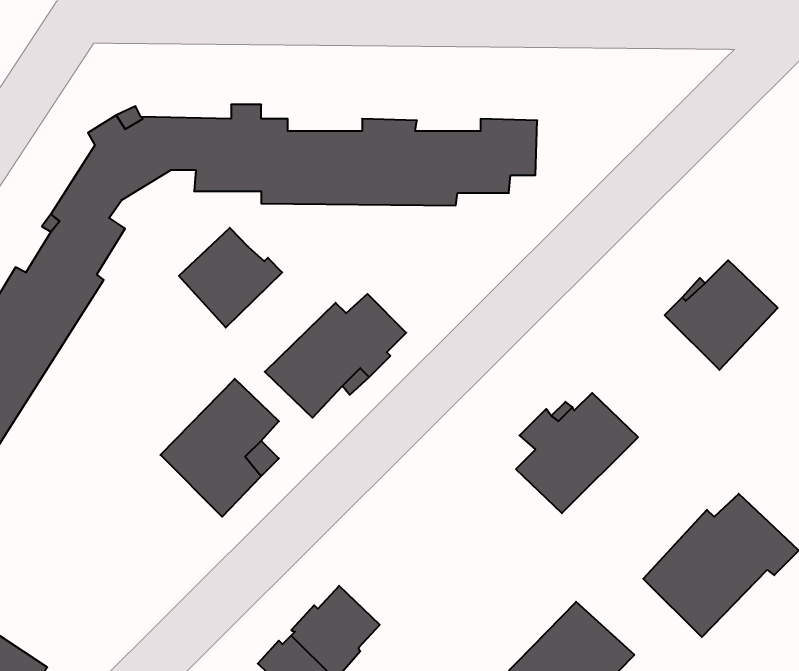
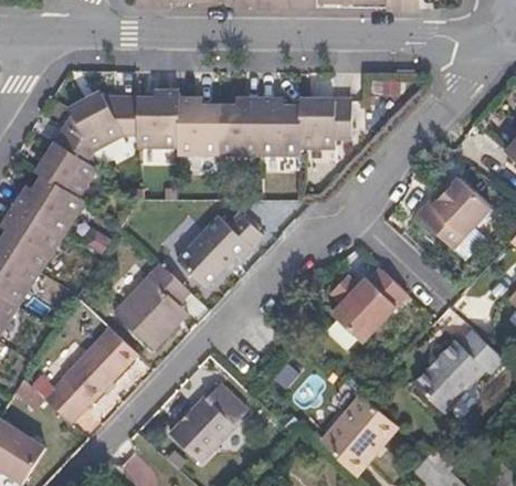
building: [179,228,282,328] -> none
building: none -> [43,324,136,419]

